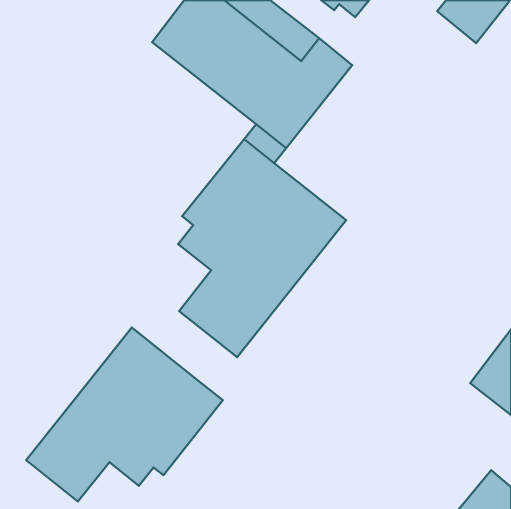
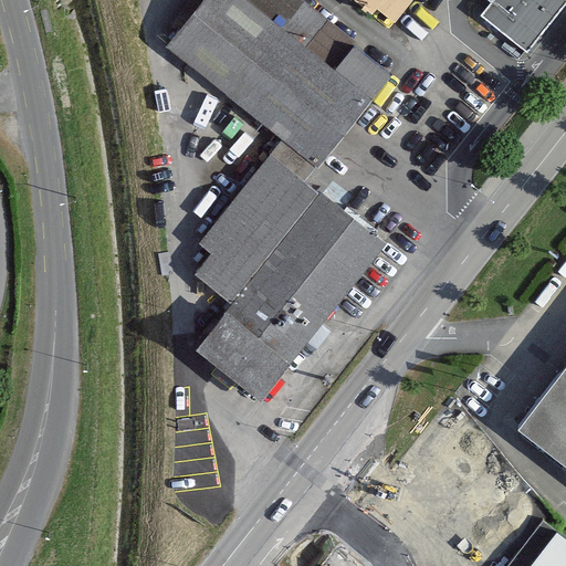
building: [26,327,223,501] -> none

